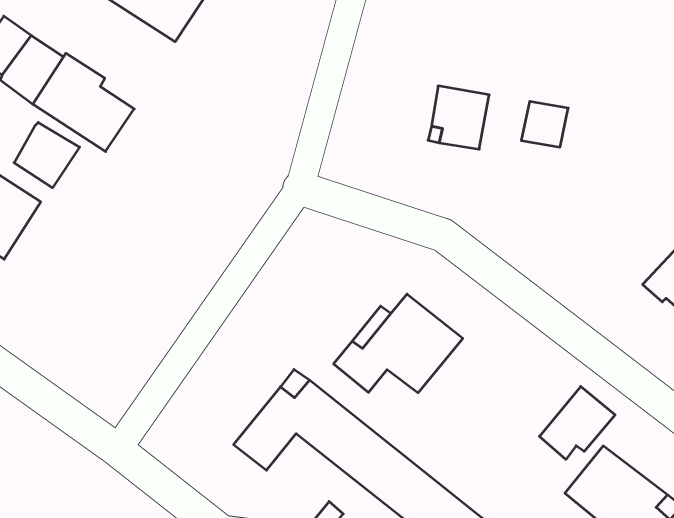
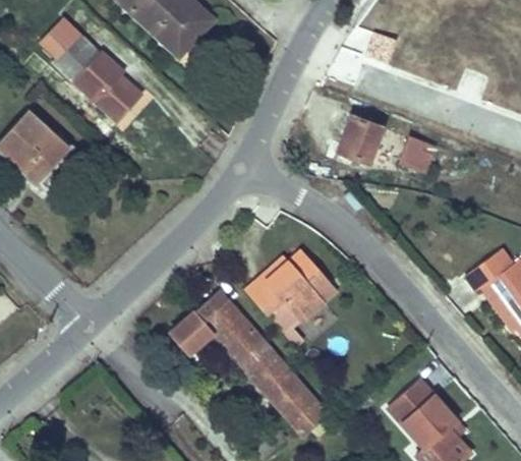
building: [14,122,80,188] -> none
building: [539,386,615,459] -> none

